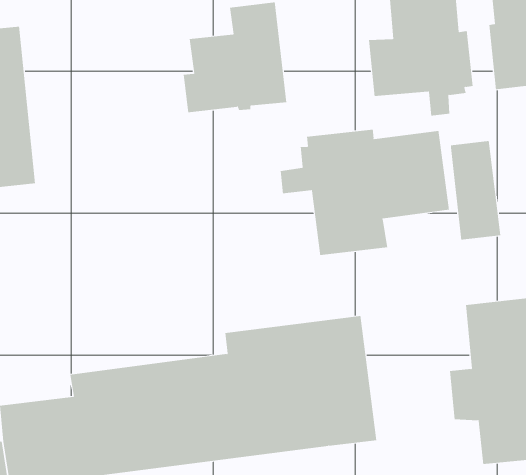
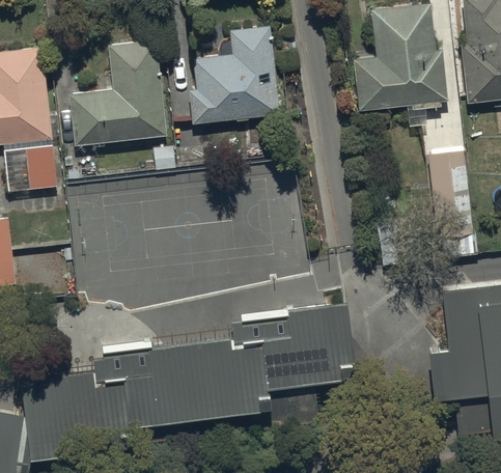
building: none -> [69,37,164,145]
building: [280,129,449,256] -> none

